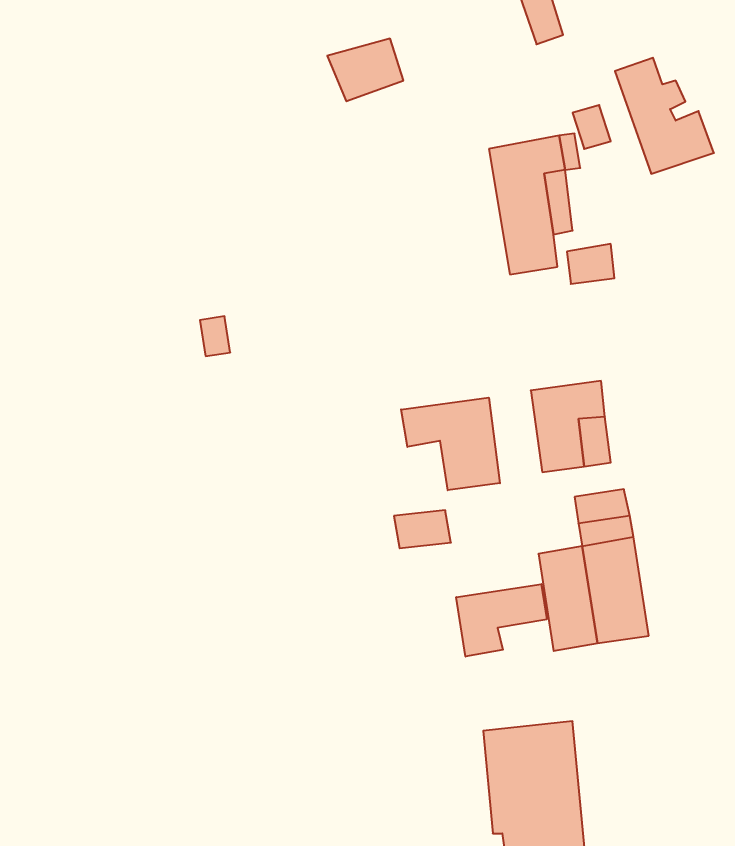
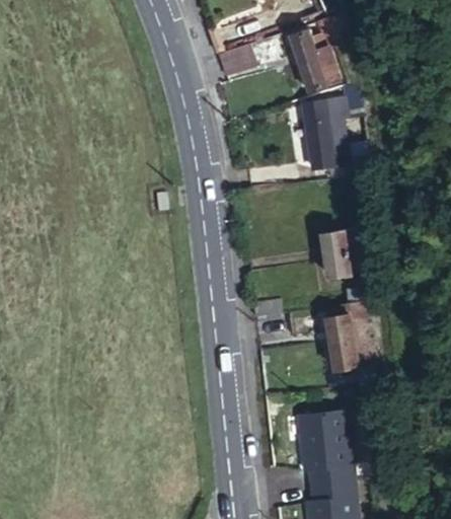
building: [615,58,714,174] -> [288,30,341,92]
building: [401,398,500,490] -> none
building: [456,584,547,657] -> none

